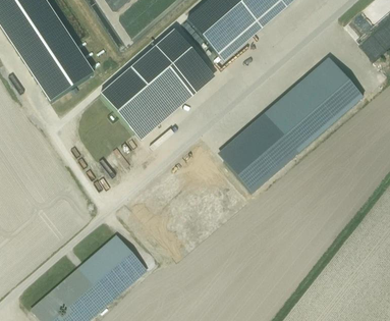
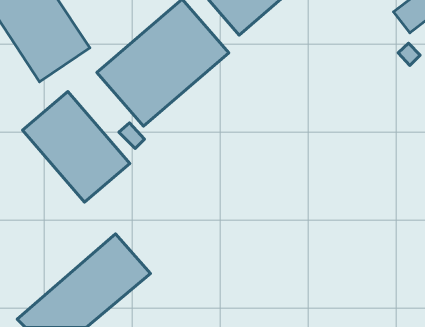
building: [217,57,364,193] -> none
building: none -> [23,91,130,202]

